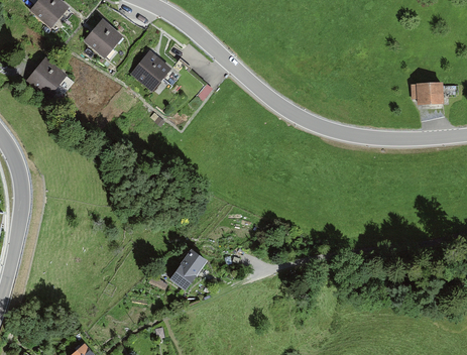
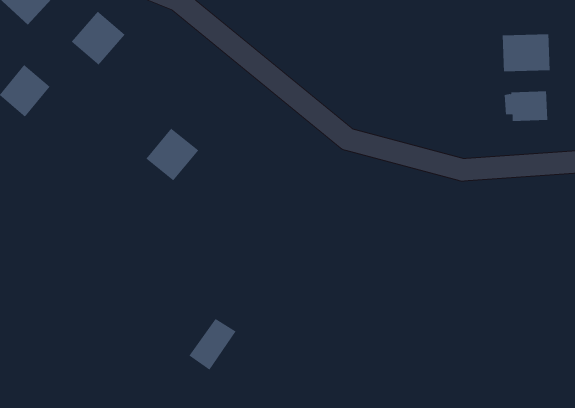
building: none -> [502,33,550,72]
building: [131,51,171,92] -> [146,128,199,181]

